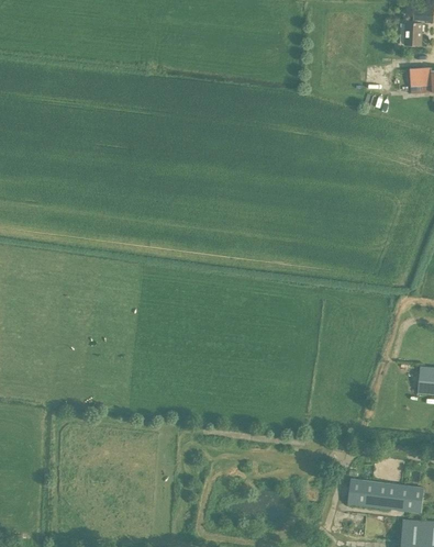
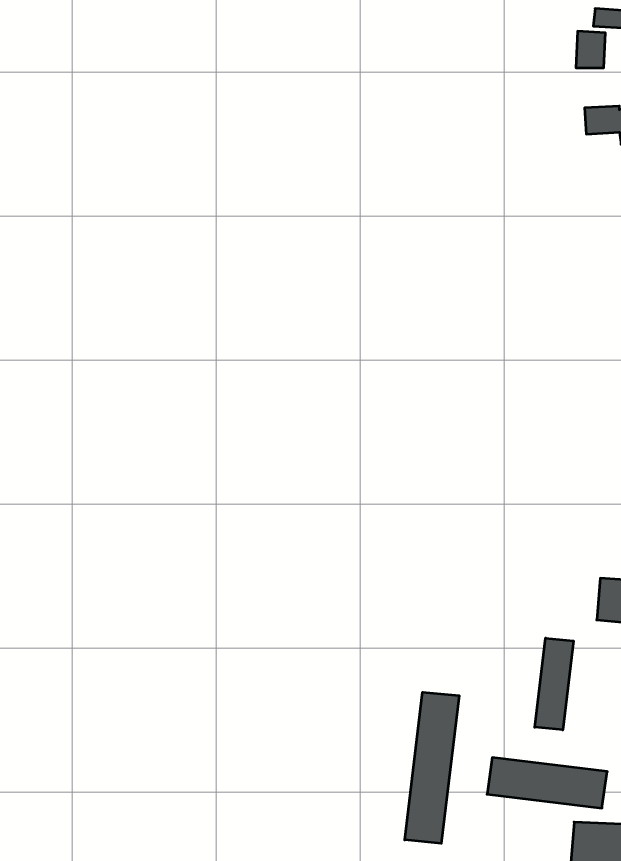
building: none -> [535,638,573,730]
building: none -> [405,692,459,843]

